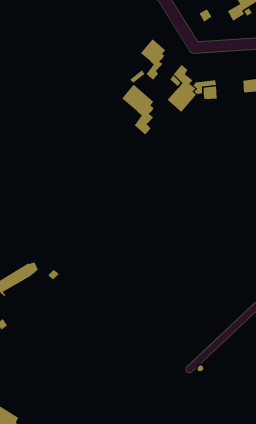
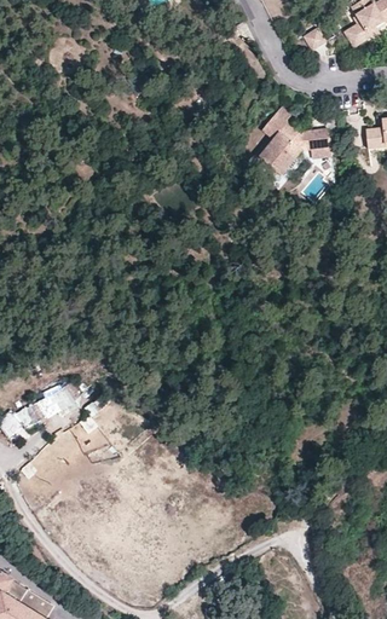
building: [140,38,166,81] -> none
building: [121,84,155,136] -> none

